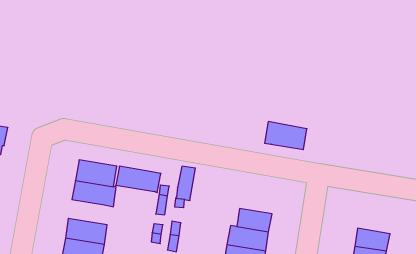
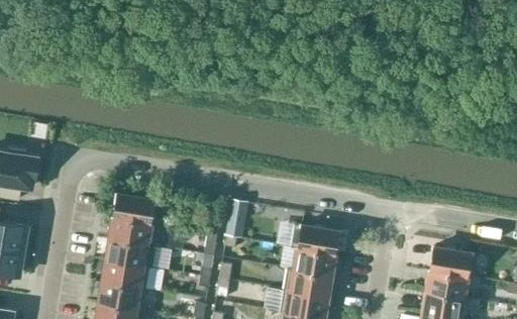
building: [265,122,307,150] -> [291,223,338,254]
building: [116,166,161,192] -> [106,238,157,268]
building: none -> [430,246,478,278]

